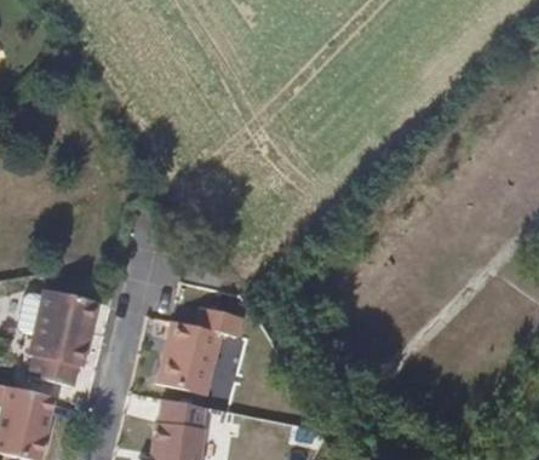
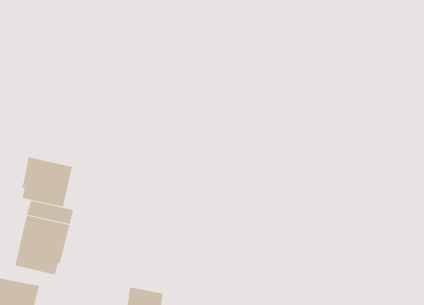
building: none -> [22,156,72,207]
building: [161,306,245,396] -> none

